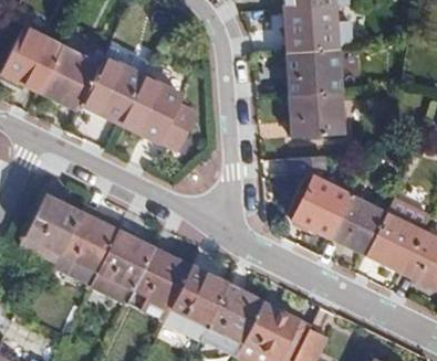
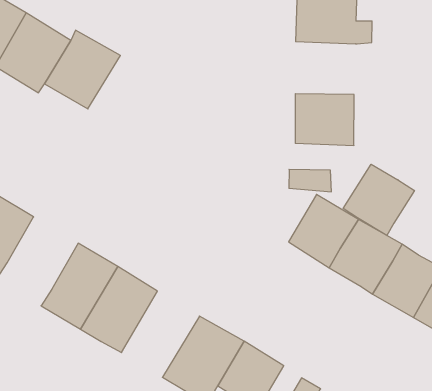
building: [284,49,336,94] -> none
building: [117,74,190,148] -> none
building: none -> [343,164,414,236]
building: [61,213,118,272] -> none
building: [162,266,223,337] -> none

